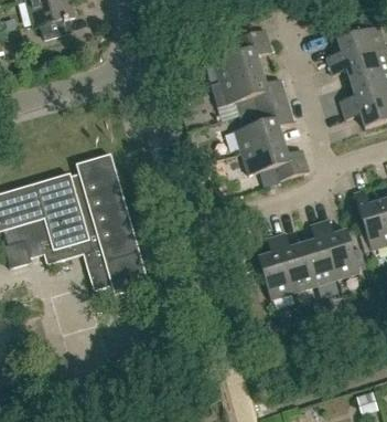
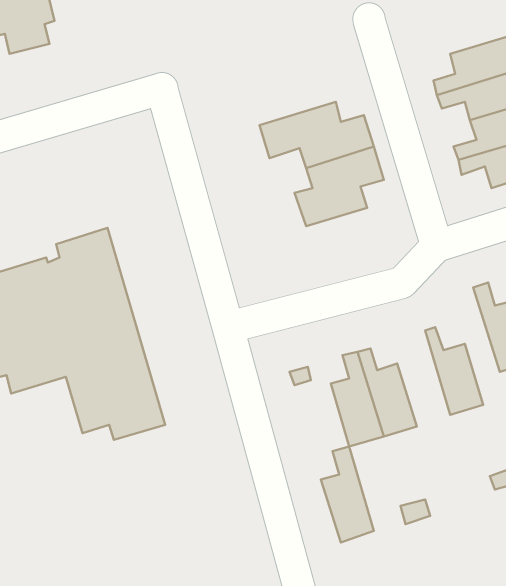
building: [209,29,271,85] -> none
building: [241,140,309,179] -> none
building: [302,222,337,286] -> [321,446,374,542]

